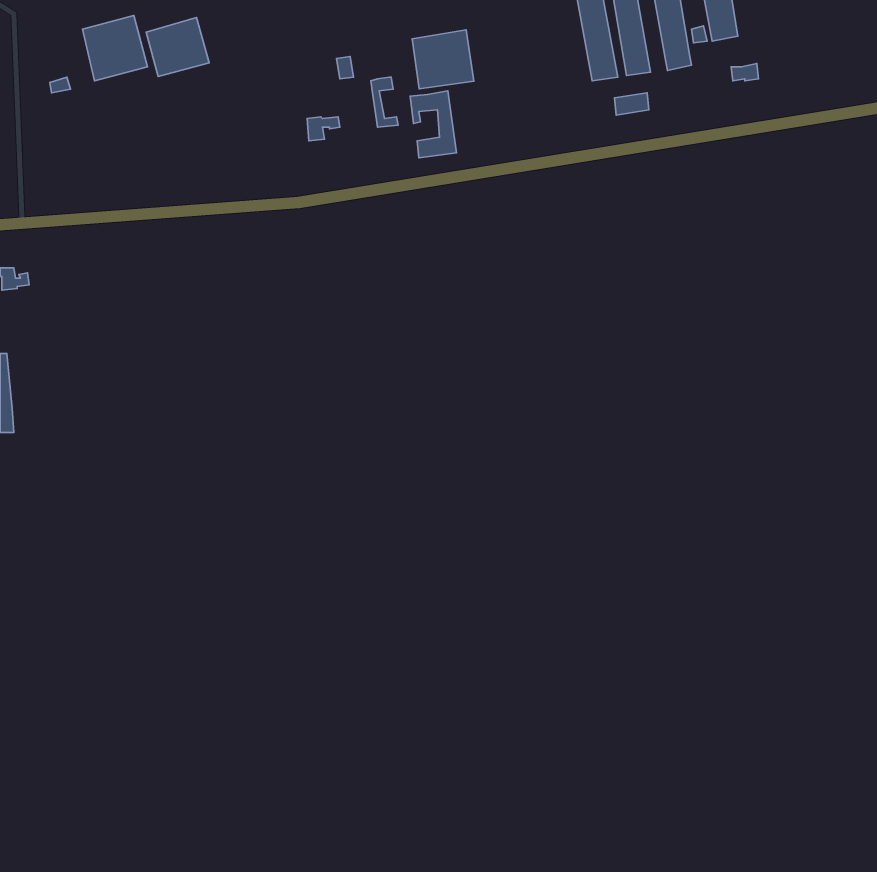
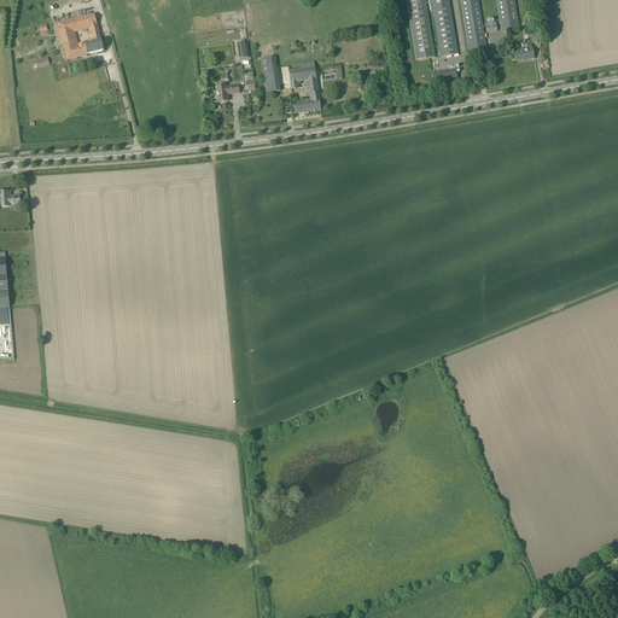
building: [146,17,209,76] -> none
building: [412,30,474,89] -> none

